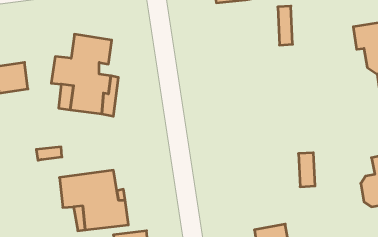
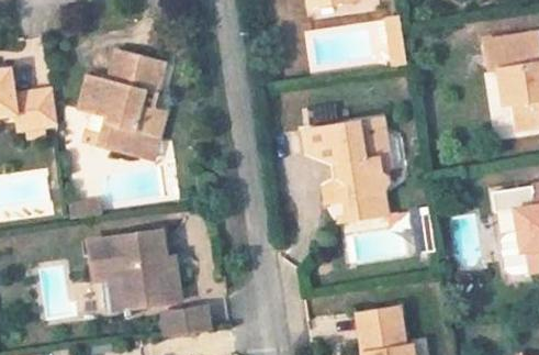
building: none -> [304,113,402,217]

